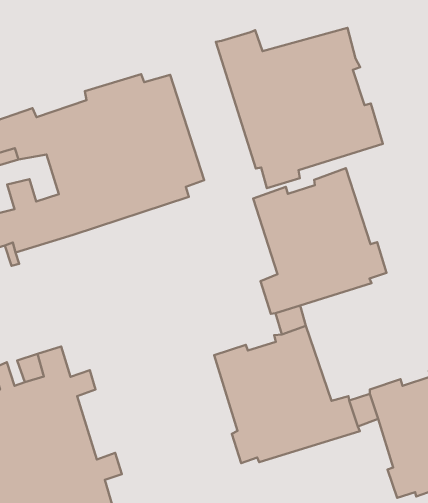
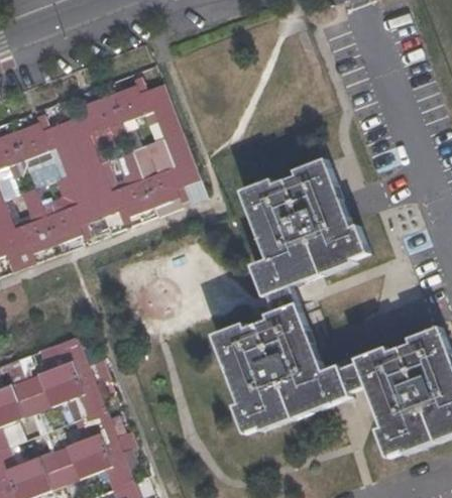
building: [216,28,383,188] -> none

